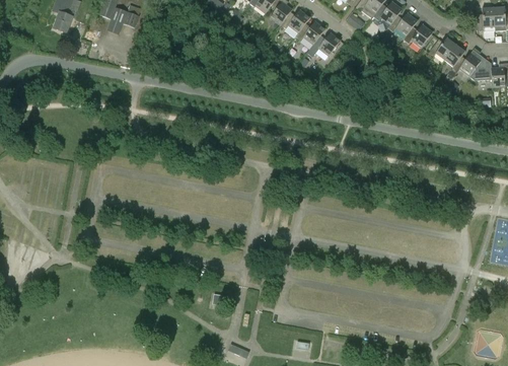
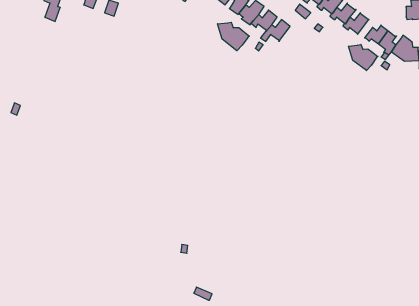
building: none -> [218,22,249,51]
building: none -> [348,44,378,71]

